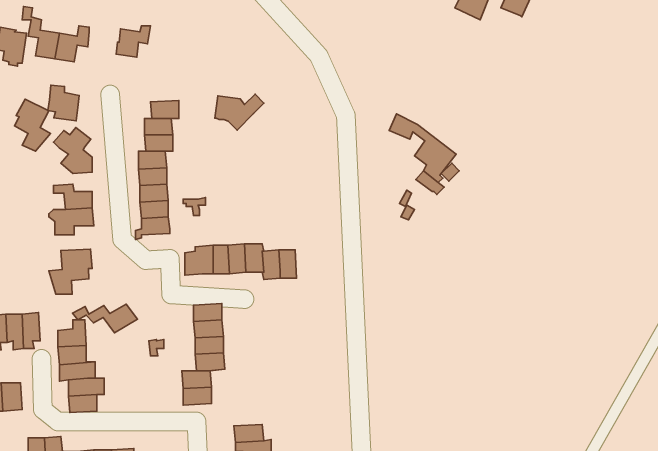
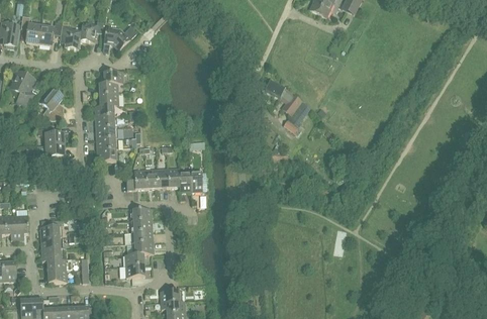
building: [48,85,79,121] -> [60,24,81,48]
building: [215,94,264,130] -> [103,25,136,49]
building: [49,249,92,294] -> none
building: [72,304,138,333] -> none

